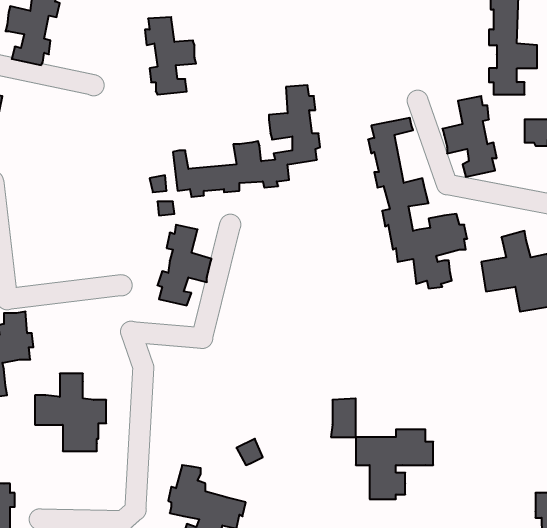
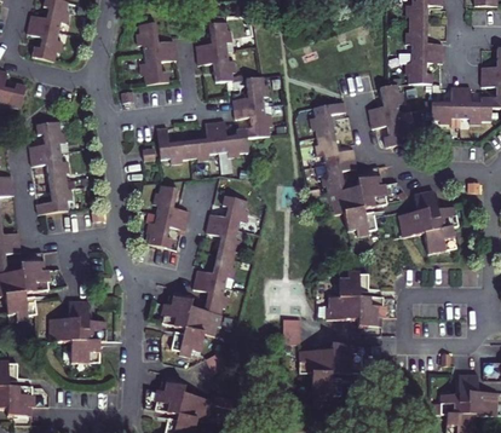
building: none -> [196,21,235,80]
building: none -> [29,121,73,212]
building: none -> [161,194,247,356]
building: none -> [327,270,385,324]

